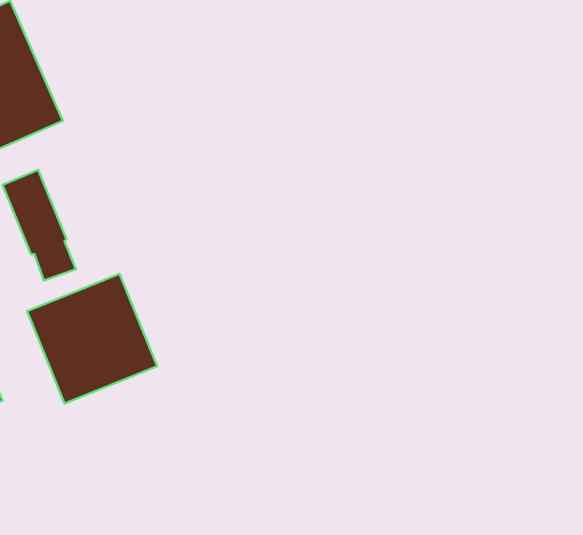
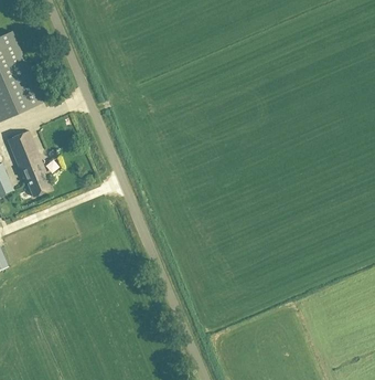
building: [27,274,157,404] -> none

